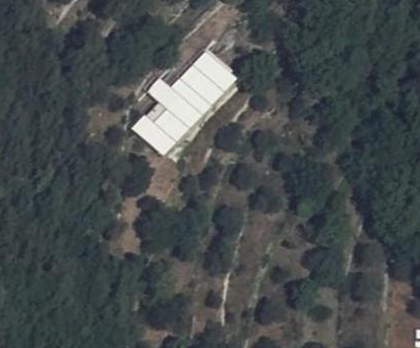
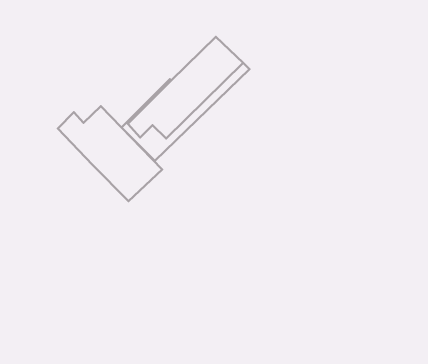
building: none -> [58,106,162,201]

